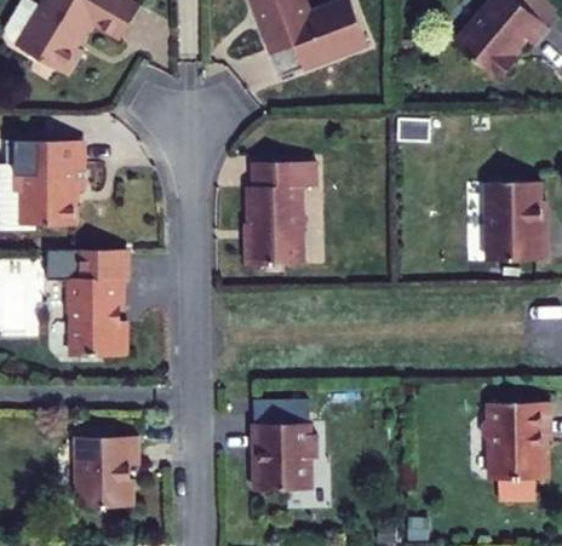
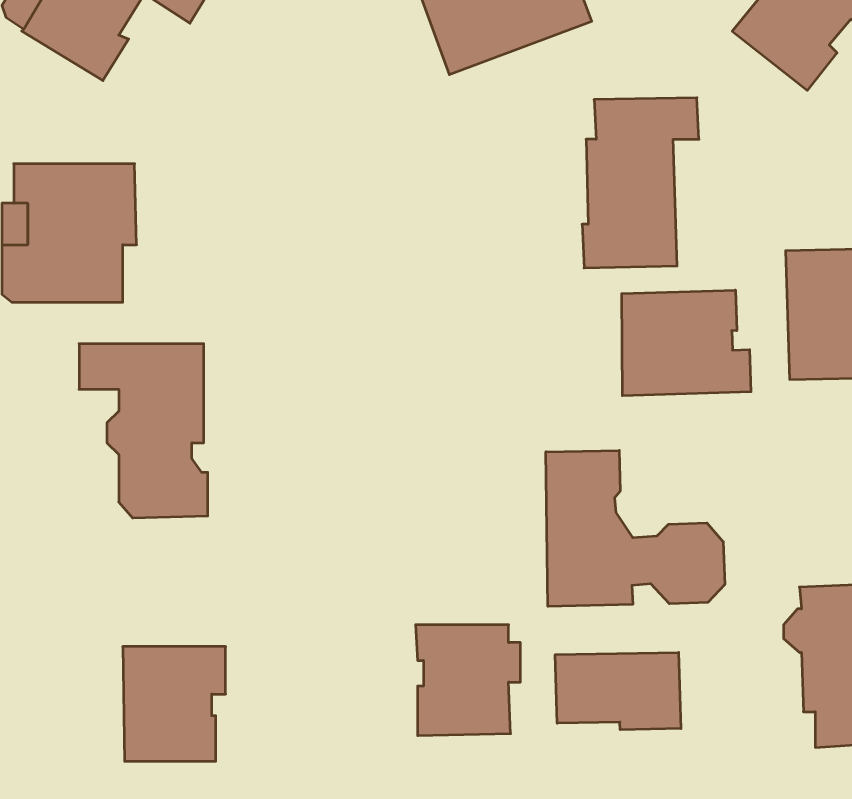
building: [246,155,317,259] -> [582,98,699,268]
building: none -> [622,290,751,396]
building: none -> [546,450,725,606]
building: none -> [555,652,681,730]

